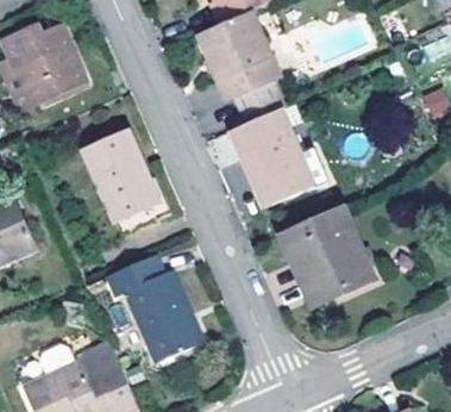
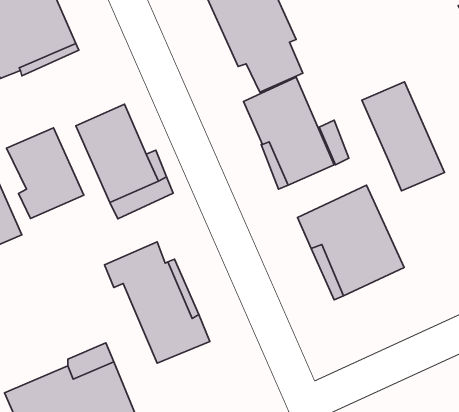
building: none -> [362,82,444,191]
building: none -> [7,128,84,218]

